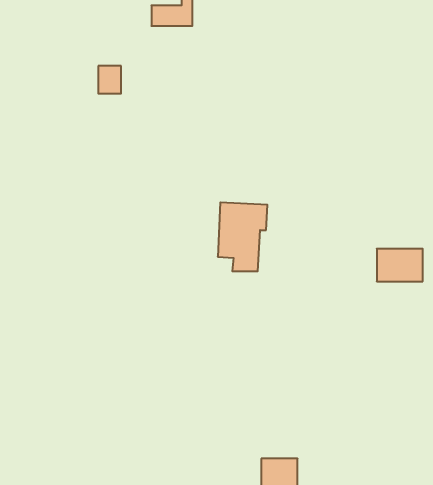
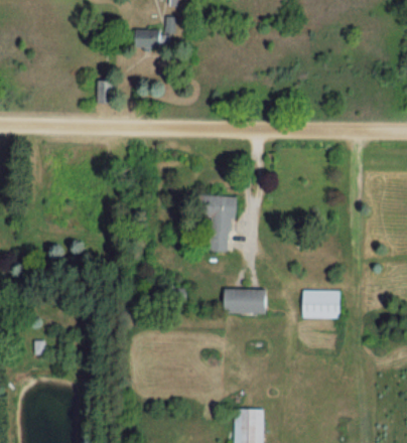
building: [377,249,423,281] -> [301,290,340,317]
building: none -> [226,289,266,313]

